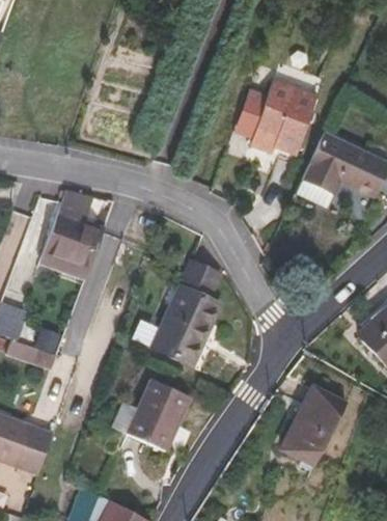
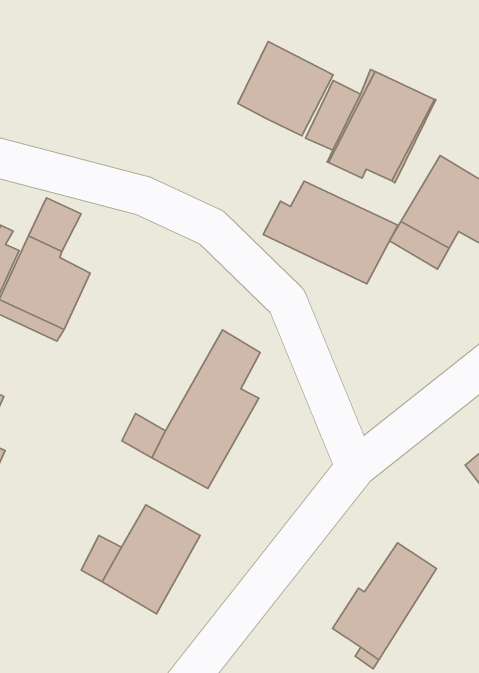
building: none -> [238,42,333,136]
building: none -> [263,181,398,284]

